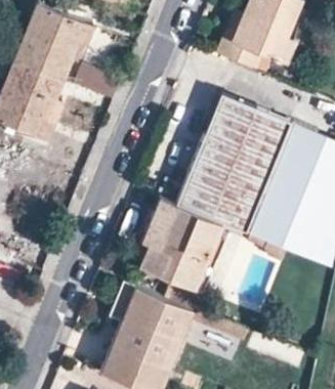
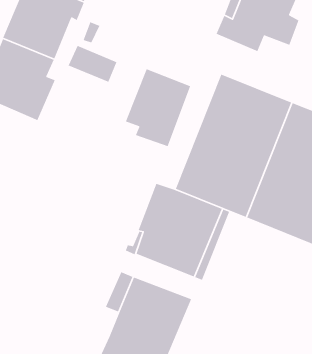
building: none -> [125,68,191,147]

